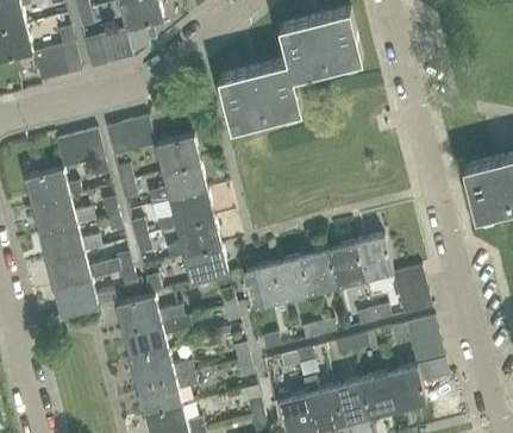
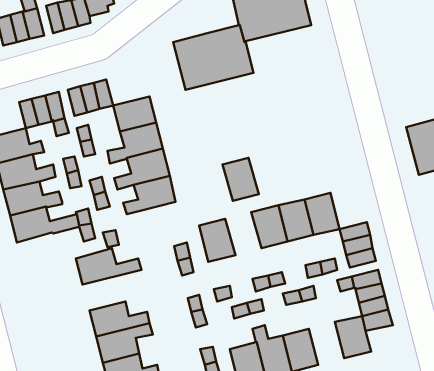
building: [183,245,229,282] -> none
building: [273,256,311,301] -> [223,158,259,201]
building: [54,277,118,315] -> none
building: [123,315,192,359] -> none
building: [361,371,398,416] -> none

